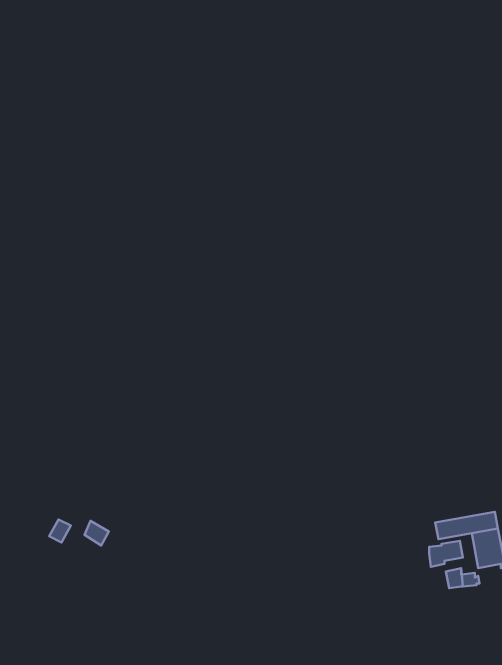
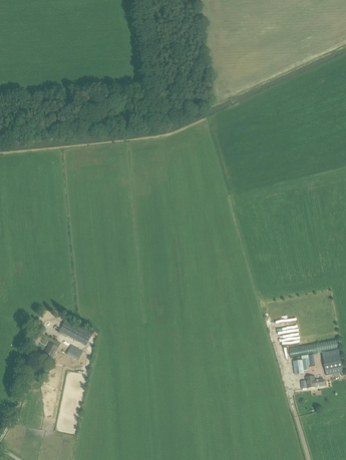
building: none -> [58,319,91,346]

